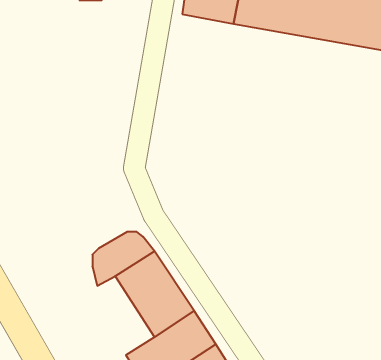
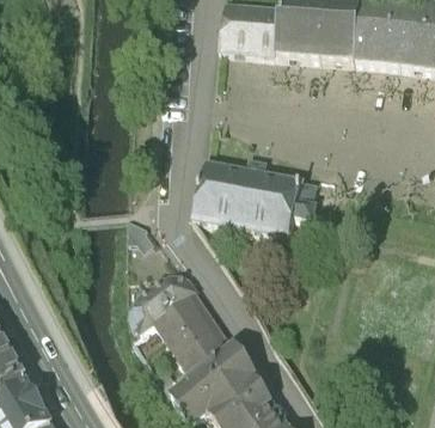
building: none -> [190,152,315,234]

